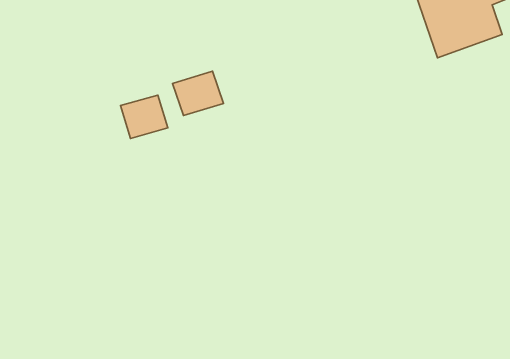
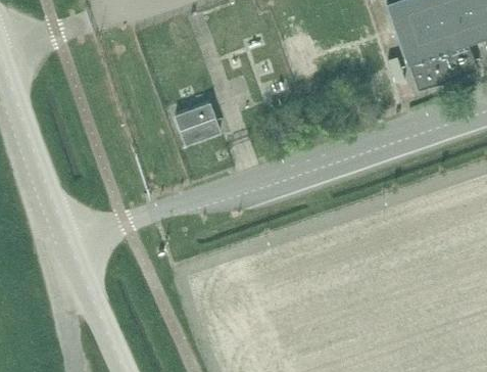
building: [120,95,168,138] -> none

